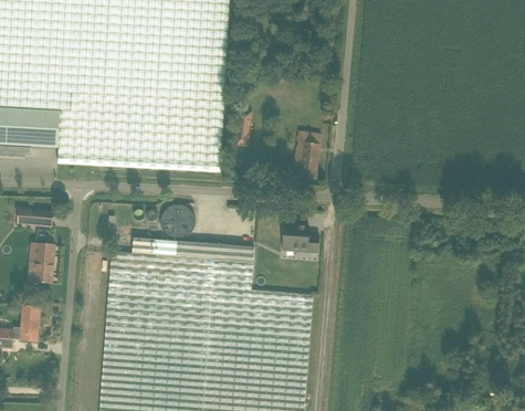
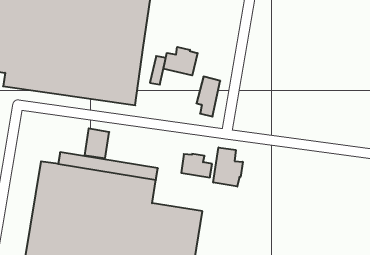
building: none -> [163,47,198,75]
building: none -> [213,147,243,187]

